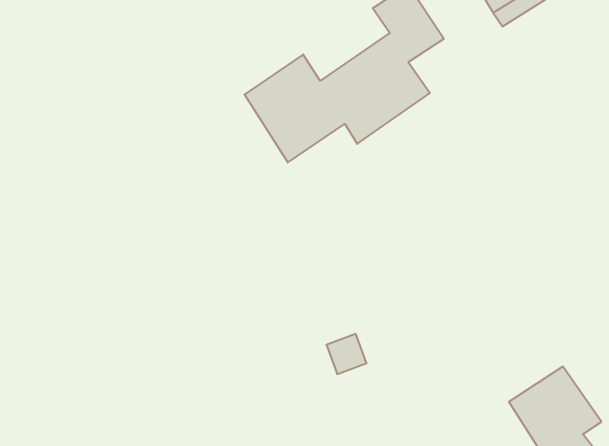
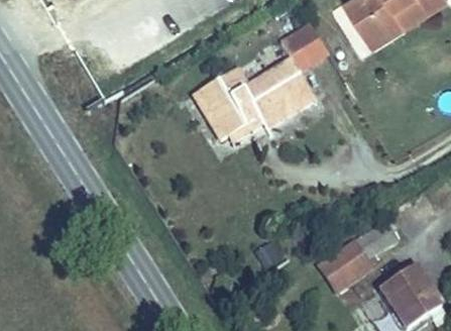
building: none -> [319,221,400,291]

